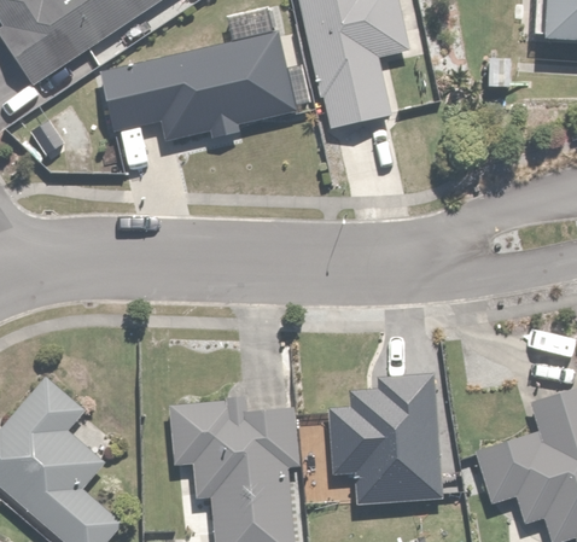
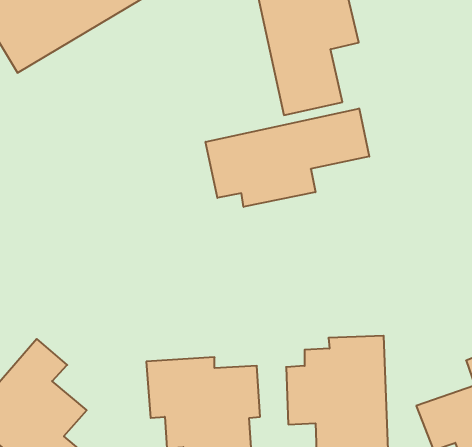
building: [97,29,297,134] -> none
building: none -> [206,108,369,207]

